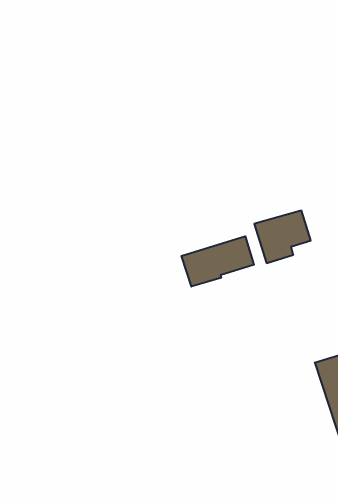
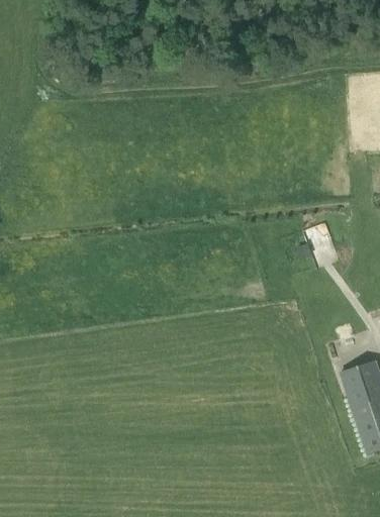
building: [181,236,254,287] -> none

